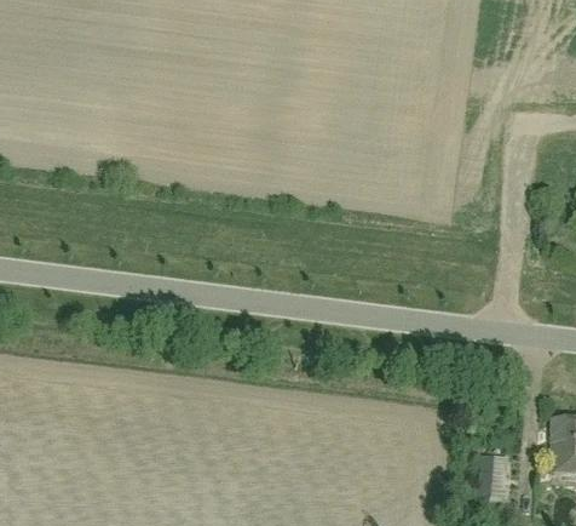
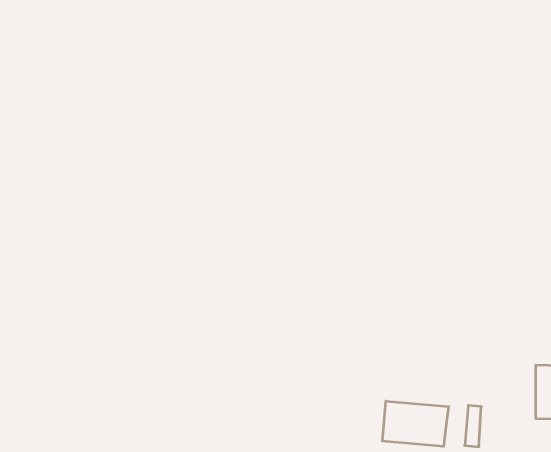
building: none -> [382,401,449,446]

